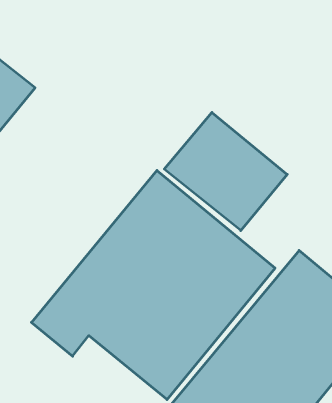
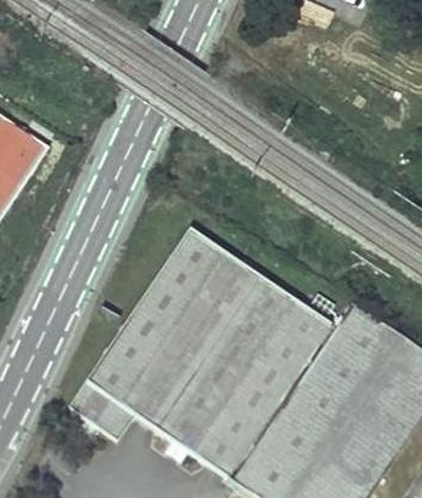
building: [164,112,287,231] -> none

